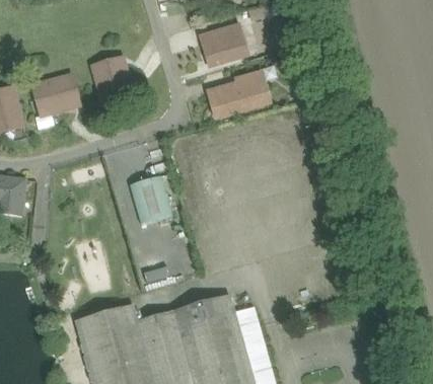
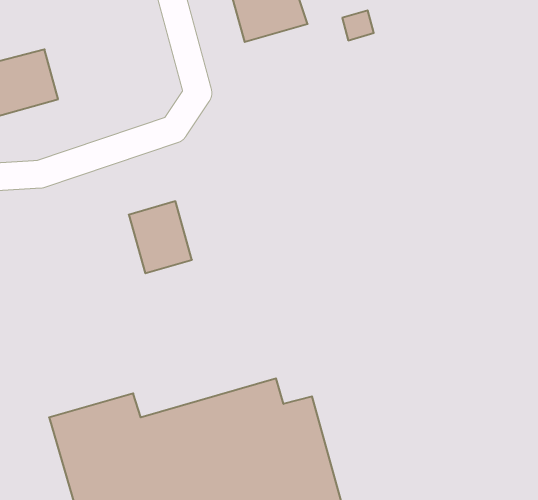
building: [89,55,136,106] -> none
building: [205,70,272,120] -> none

